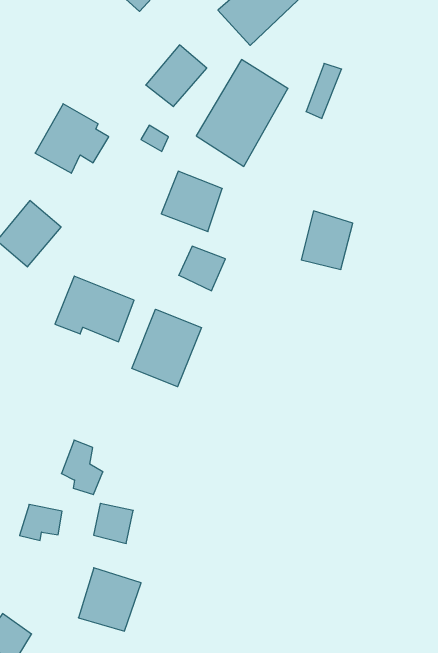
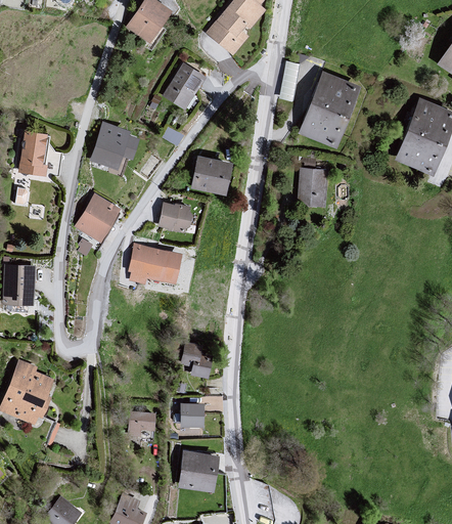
building: [196,60,288,166] -> [298,72,358,148]
building: [179,246,225,291] -> [157,203,189,232]
building: [132,309,202,387] -> none
building: [61,440,103,495] -> [181,342,211,379]

